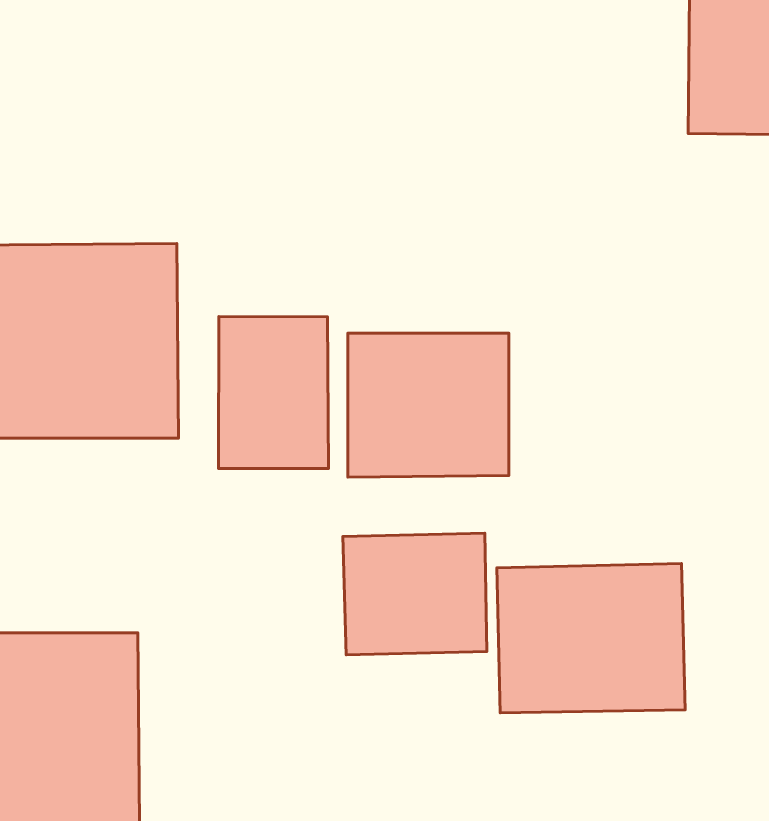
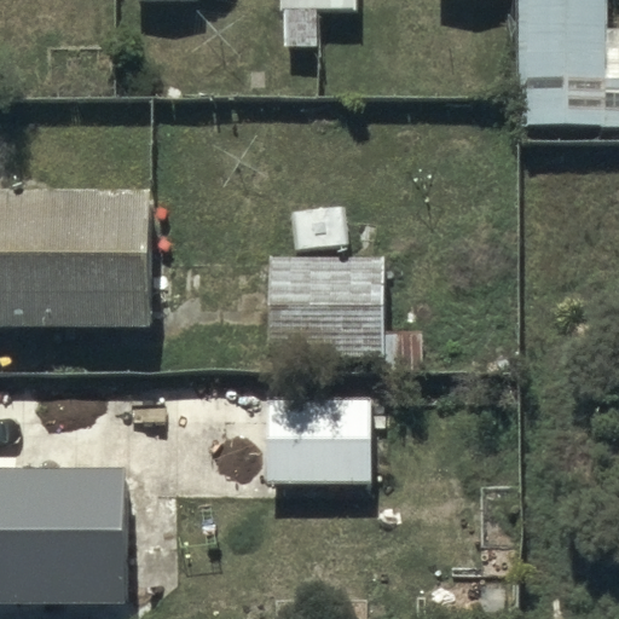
building: [218,317,328,469] -> none
building: [497,564,685,713] -> none

